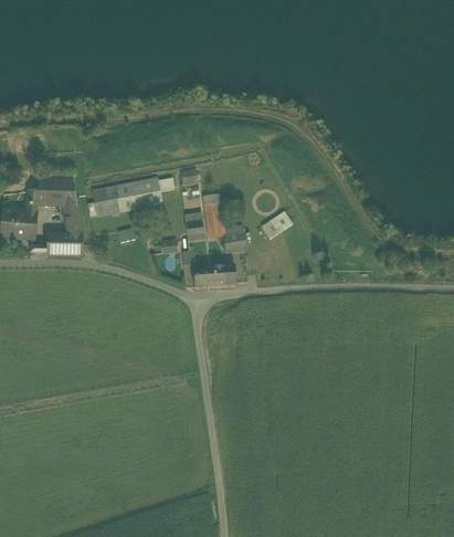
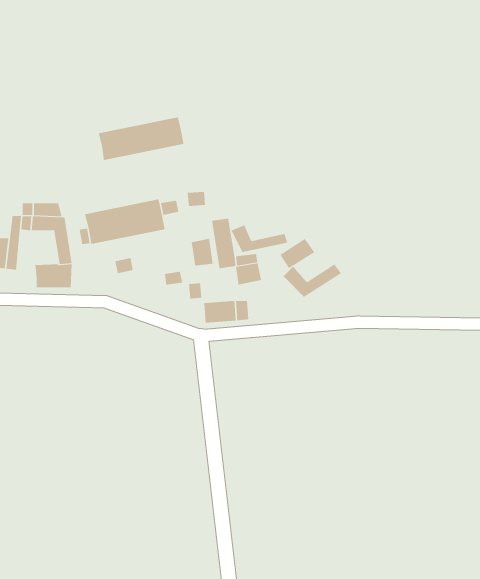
building: none -> [98,116,184,161]
building: none -> [231,225,288,253]
building: none -> [283,263,342,298]

